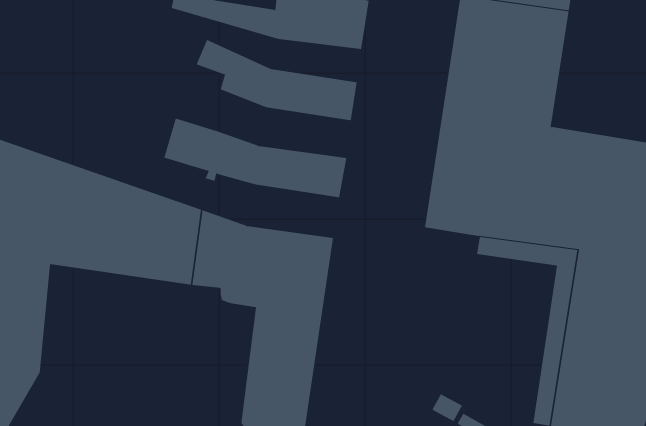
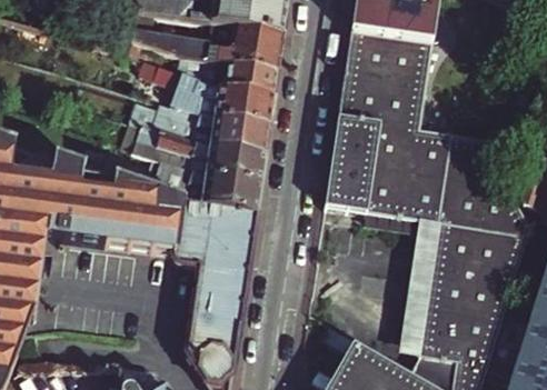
building: none -> [210,61,278,93]
building: none -> [143,90,270,150]
building: none -> [139,162,261,210]

